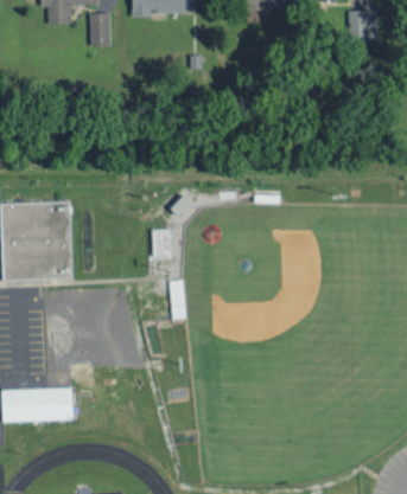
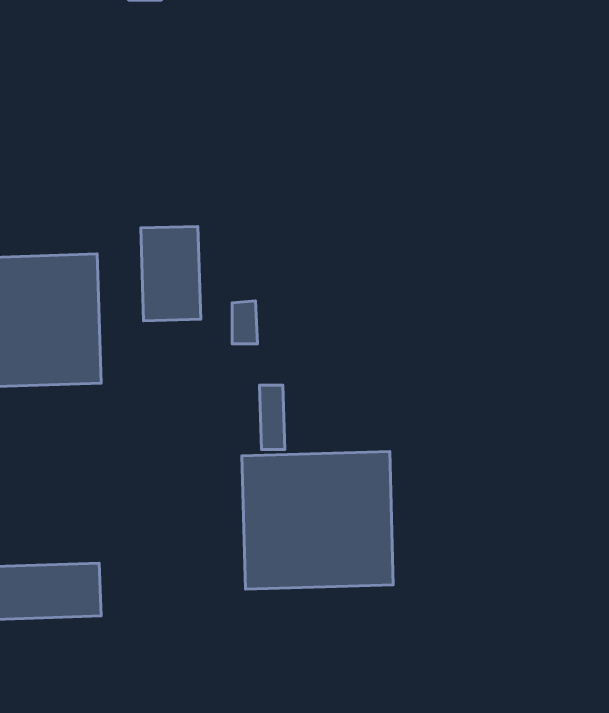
building: none -> [141,226,201,321]
building: none -> [242,452,393,589]

